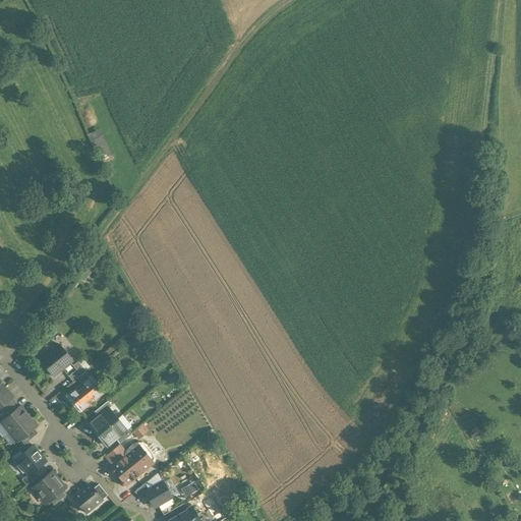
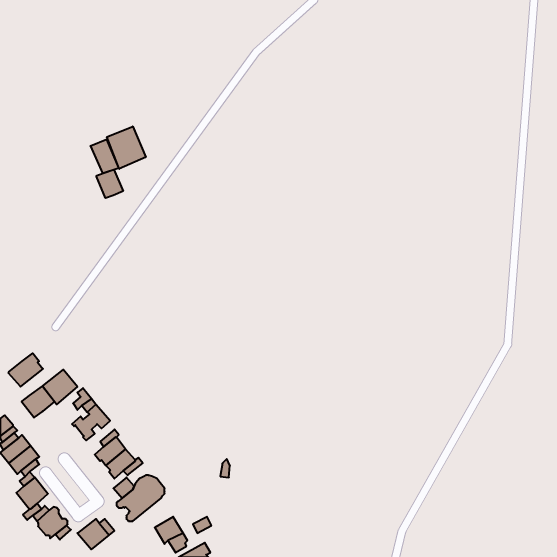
building: none -> [107,126,146,169]
building: none -> [96,170,123,198]
building: none -> [9,353,43,387]
building: none -> [22,386,55,418]

